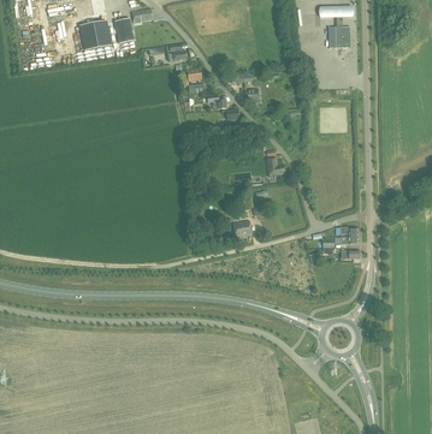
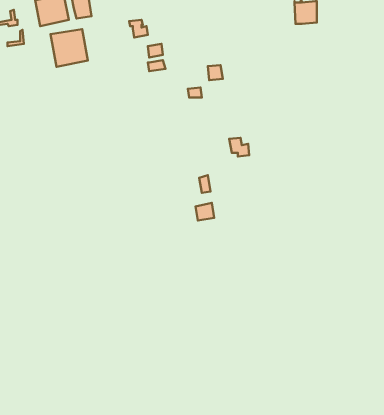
building: none -> [50,29,88,67]

